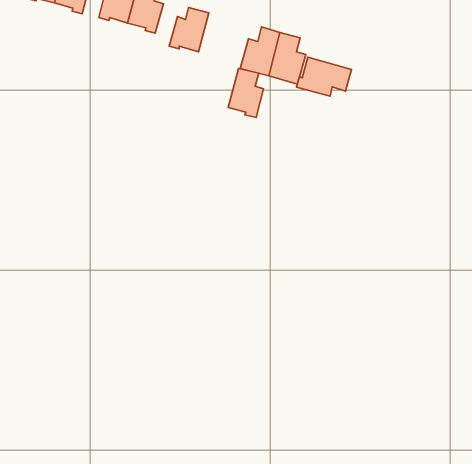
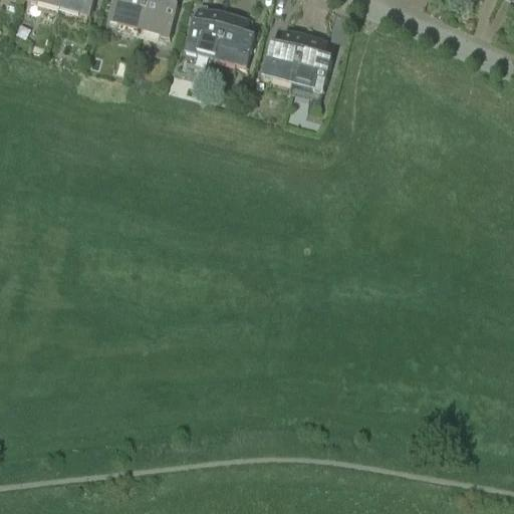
building: [297,57,351,96] -> none
building: [228,69,263,118] -> [216,14,254,67]

